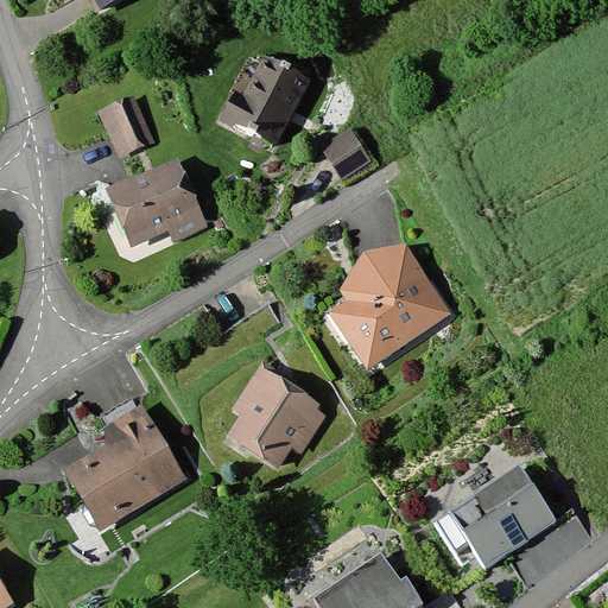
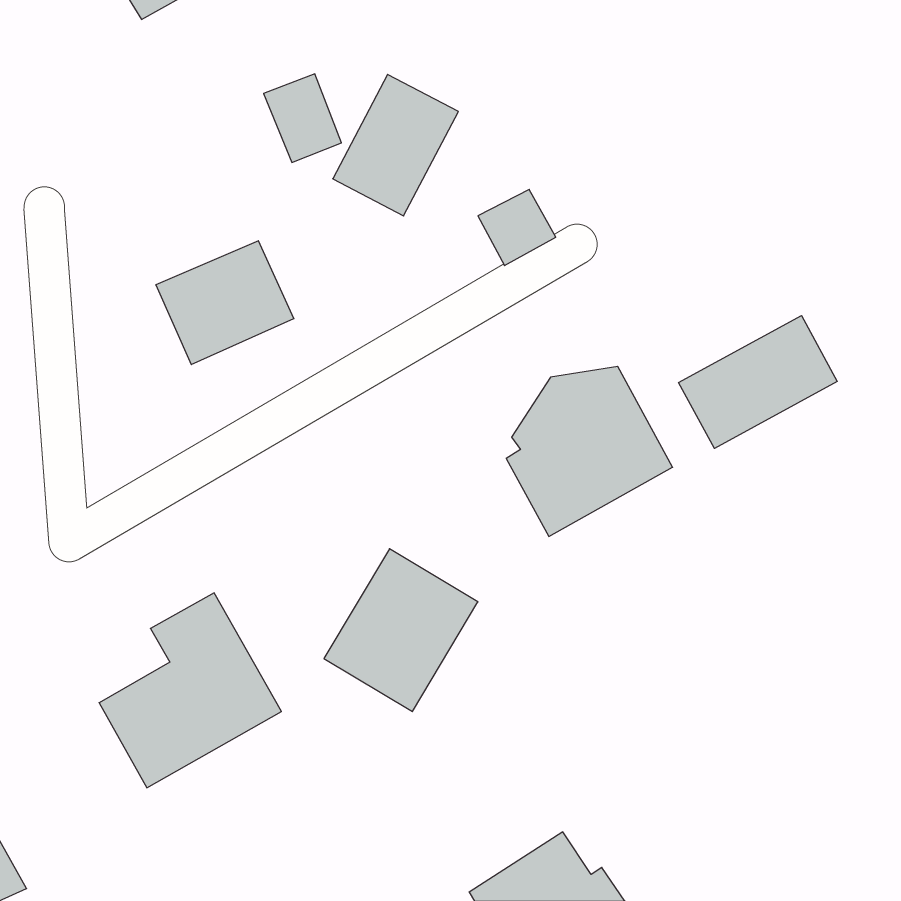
building: [100,97,152,157] -> [264,74,341,162]
building: none -> [679,316,837,448]
building: [454,479,549,565] -> none

